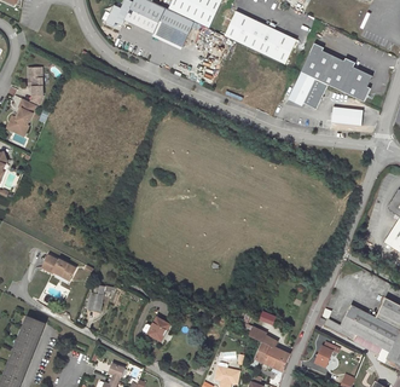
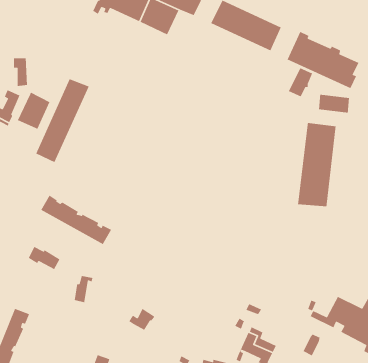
building: none -> [35,78,90,163]
building: none -> [17,91,51,130]
building: none -> [297,122,336,207]
building: none -> [40,194,112,245]

